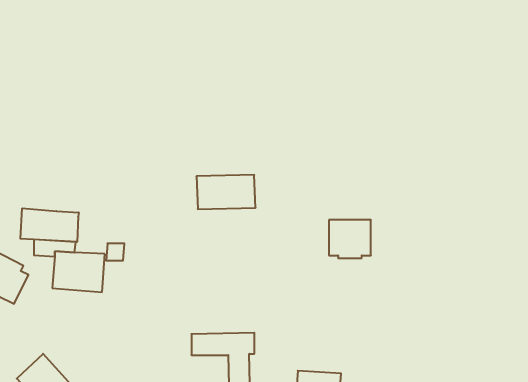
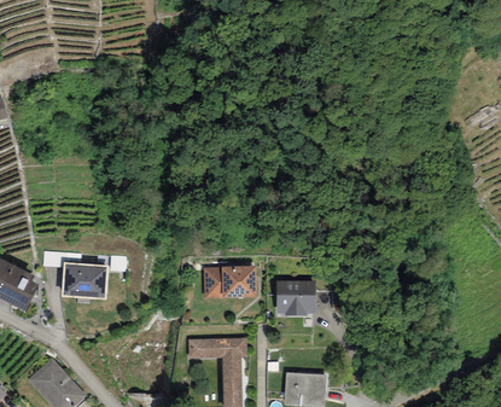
building: [196,175,256,209] -> [203,266,257,297]
building: [20,208,79,242] -> none
building: [329,220,371,258] -> [276,280,315,315]

